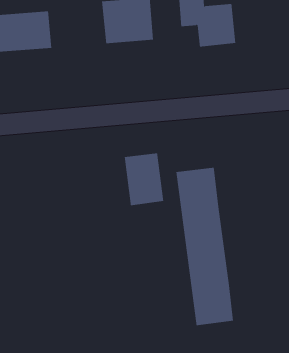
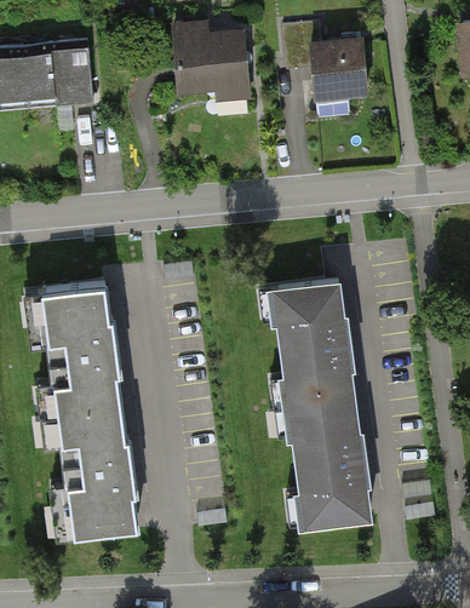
building: [124,153,164,206] -> none
building: none -> [45,282,134,533]

